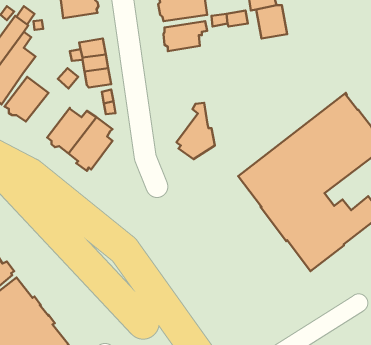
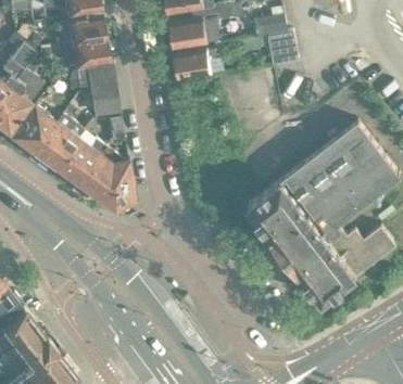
building: none -> [71,40,109,68]
building: none -> [33,114,83,167]
building: [176,103,215,159] -> [99,159,138,217]

